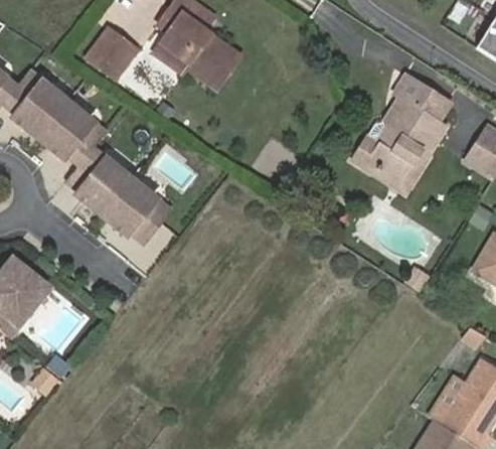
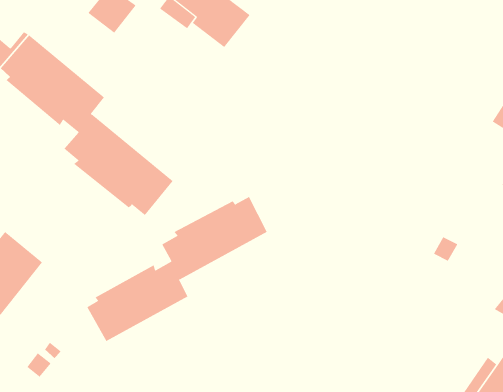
building: [357,74,453,178] -> none
building: none -> [87,196,268,342]

